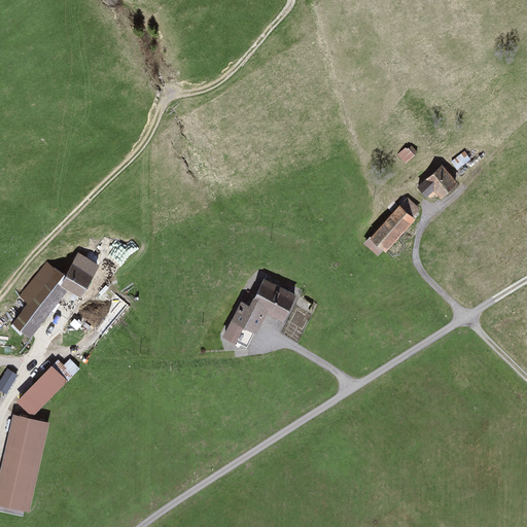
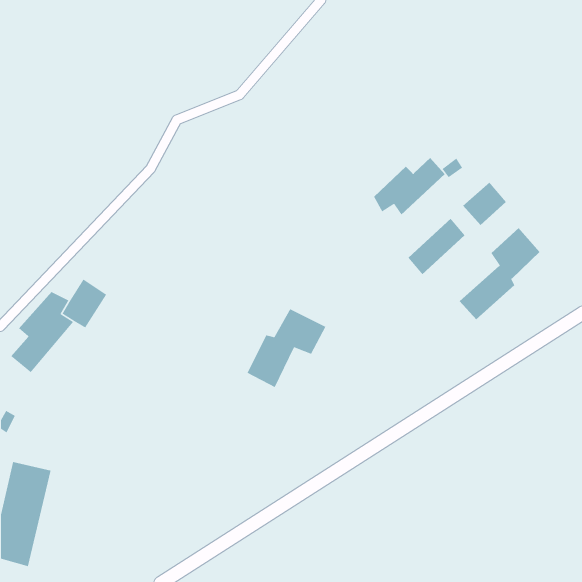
building: none -> [373,157,446,215]
building: none -> [459,227,541,320]
building: [15,360,74,418] -> none

